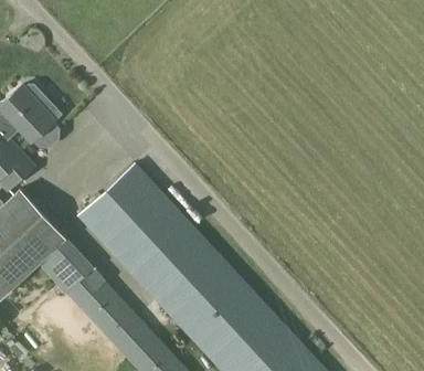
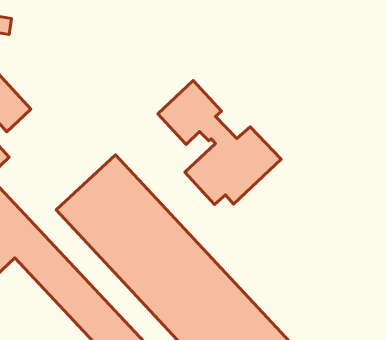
building: none -> [158,81,281,204]

